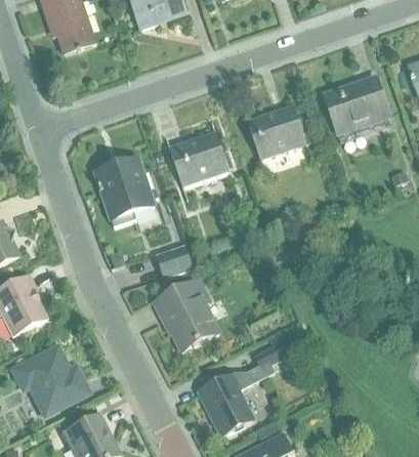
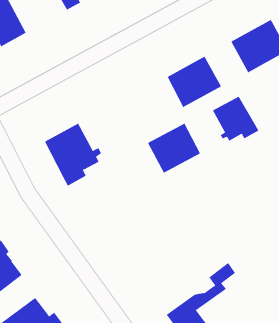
building: [169,132,227,185] -> [147,123,201,174]
building: none -> [212,96,259,142]
building: [156,244,191,277] -> none
building: [153,279,218,351] -> none

